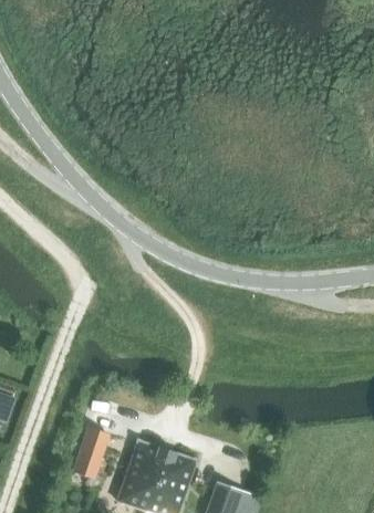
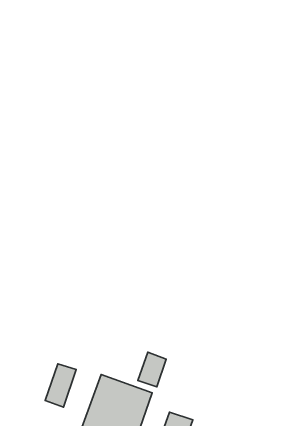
building: none -> [138,352,166,387]

